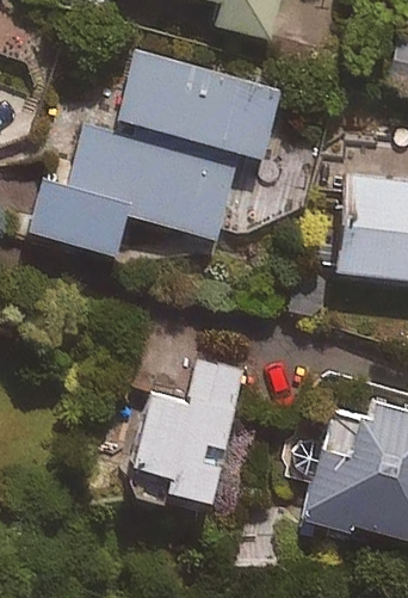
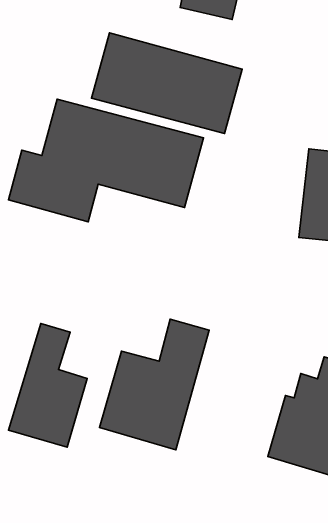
building: none -> [9,324,87,447]

